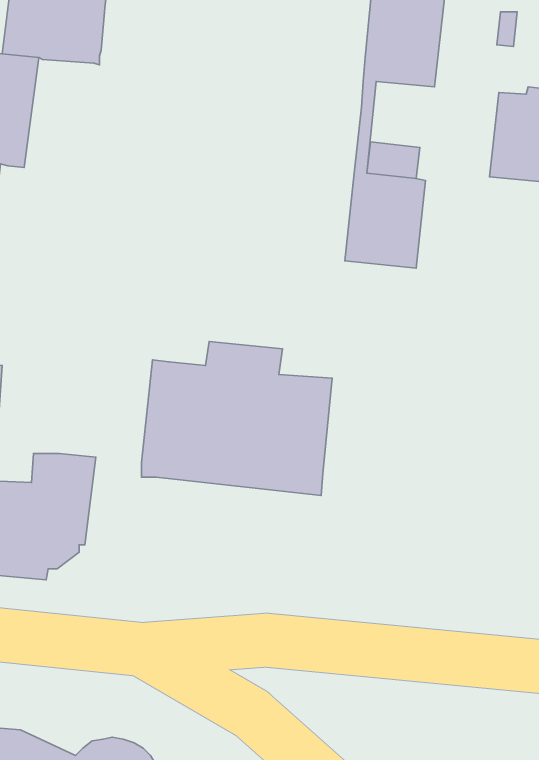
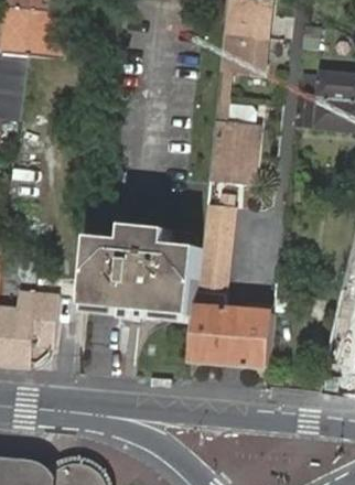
building: none -> [190,203,273,366]

